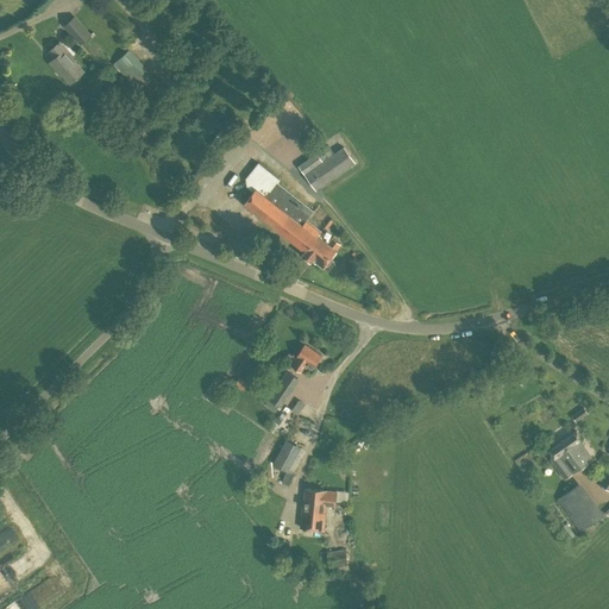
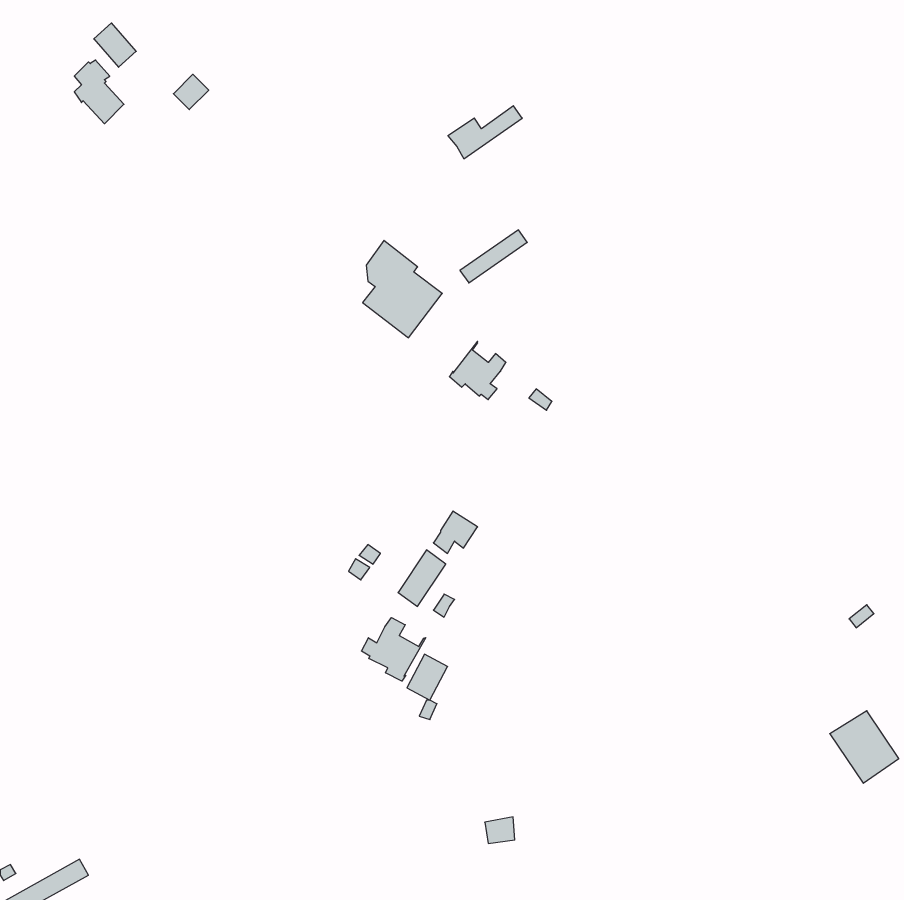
building: [299,149,349,184] -> [448,106,522,159]
building: [275,200,321,253] -> none
building: none -> [361,618,426,681]
building: [548,433,592,481] -> none
building: [301,490,337,532] -> none

